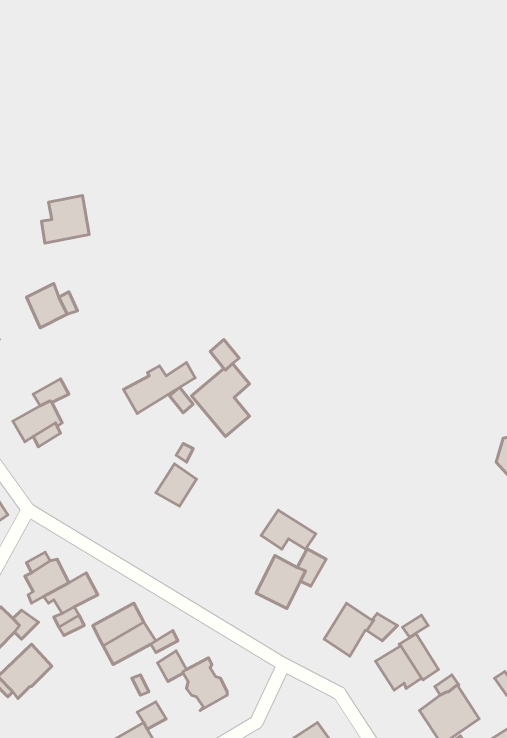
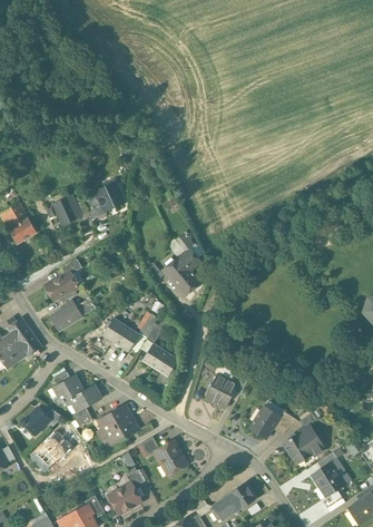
building: [42,196,89,243] -> [90,183,121,214]
building: [124,362,195,413] -> [49,297,96,331]
building: none -> [107,318,138,351]
building: [261,510,316,549] -> [143,343,178,369]

